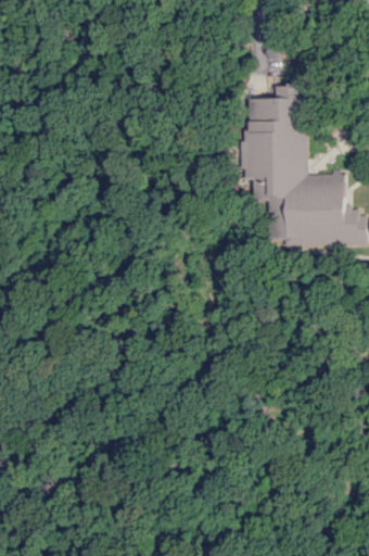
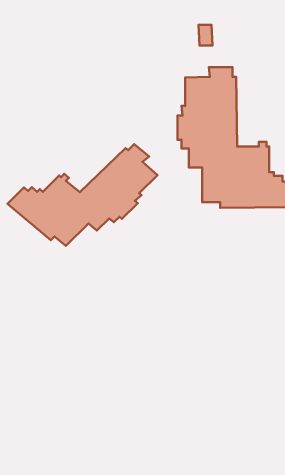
building: none -> [7,144,158,246]

